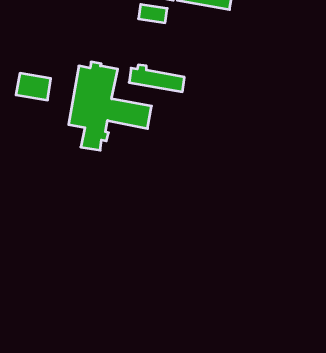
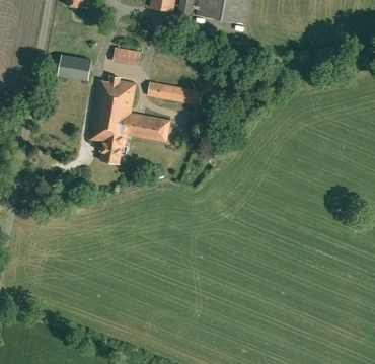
building: [138,4,167,23] -> [115,48,143,66]
building: [16,73,51,100] -> [57,55,91,81]

